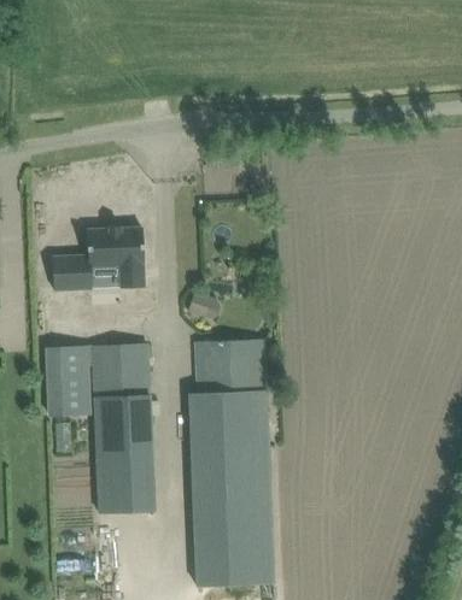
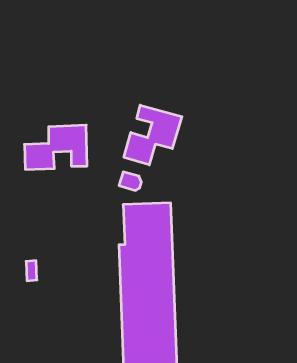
building: none -> [124,105,182,165]
building: [45,343,153,512] -> none

